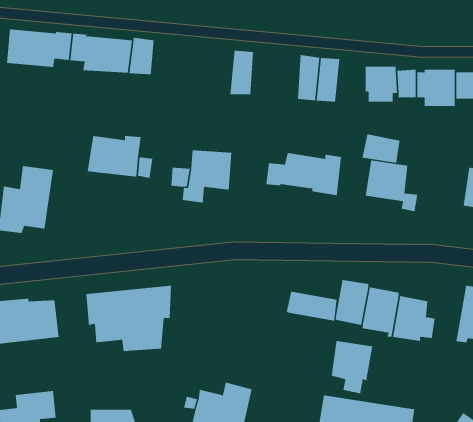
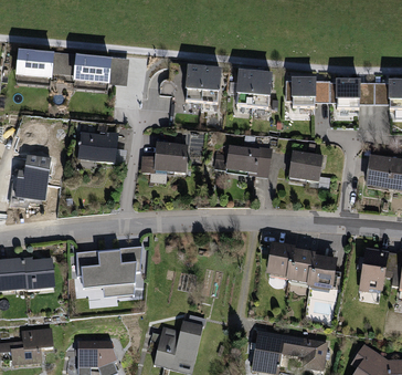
building: none -> [202,67,220,103]
building: [362,133,400,164] -> none
building: [286,291,337,321] -> none
building: [331,340,373,394] -> none

